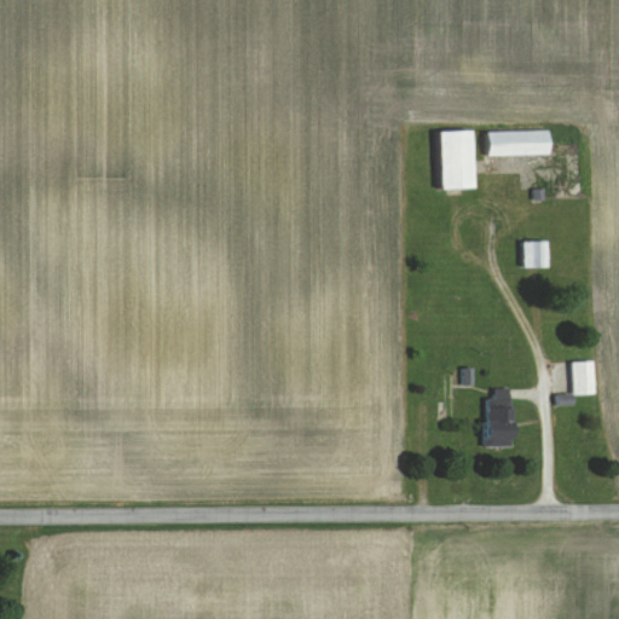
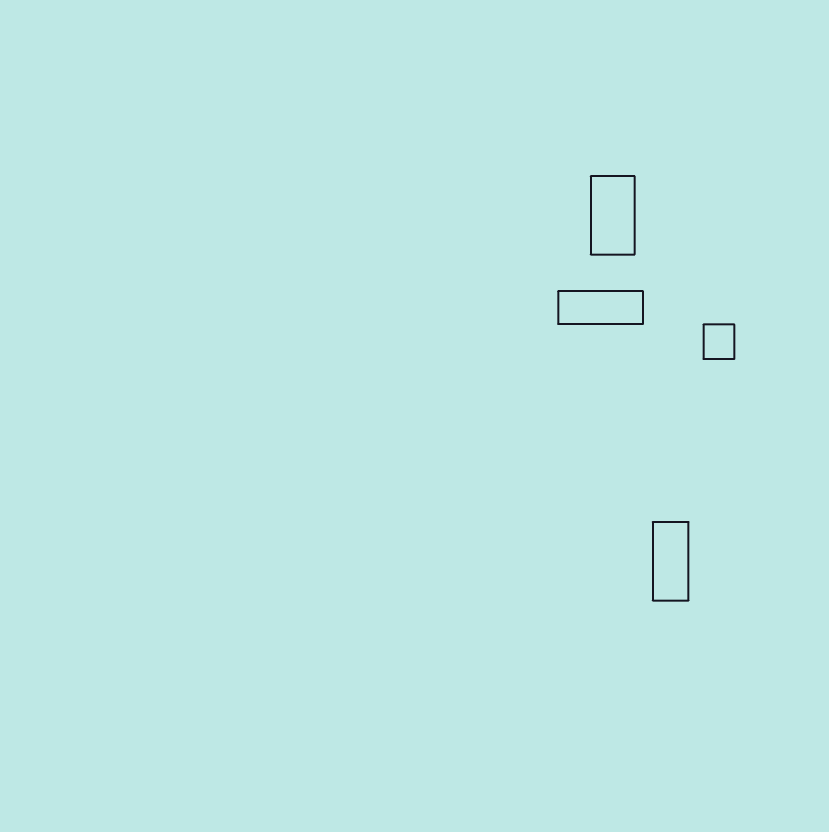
building: [488,131,551,155] -> [558,291,643,324]
building: [573,360,596,394] -> none

